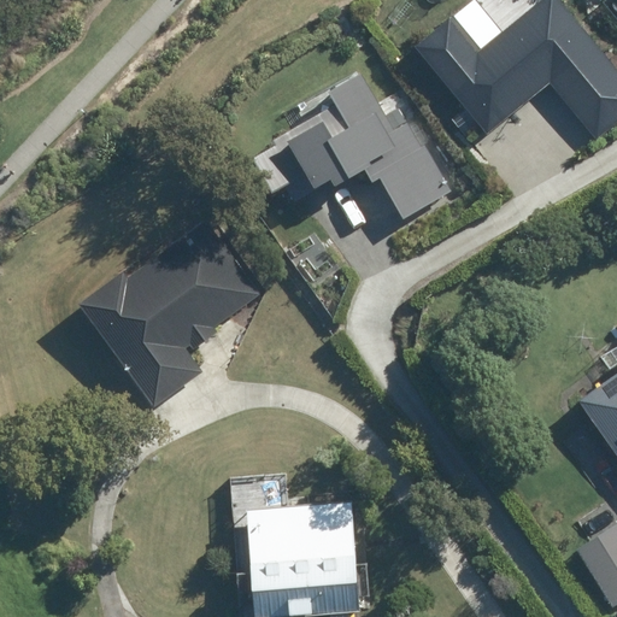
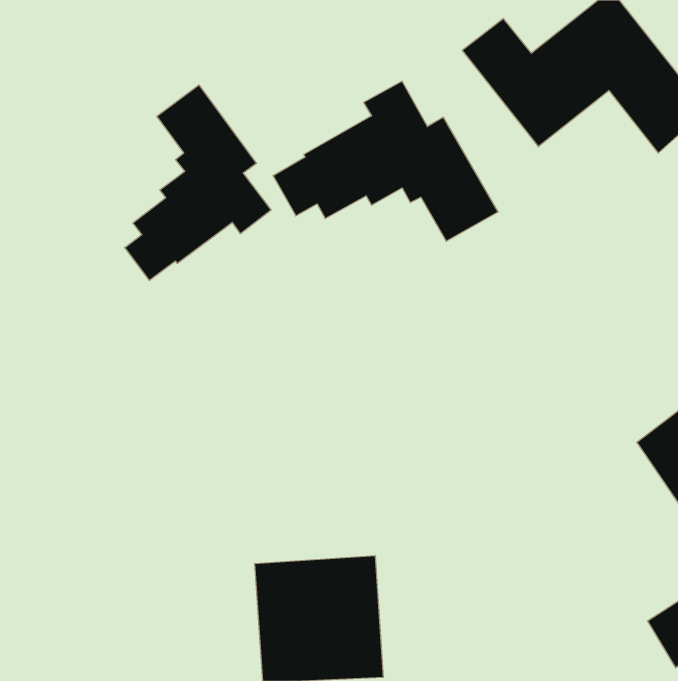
building: none -> [125,85,271,280]
building: [71,228,258,412] -> none

